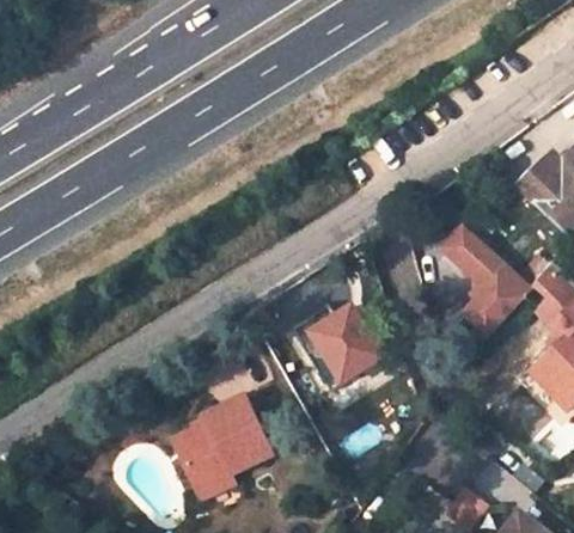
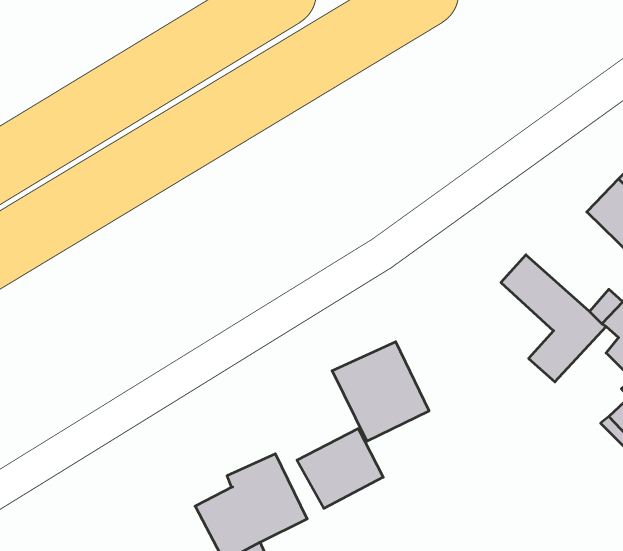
building: none -> [297,429,383,508]

